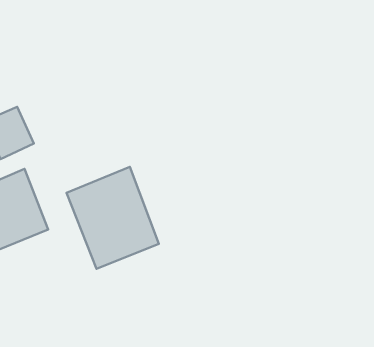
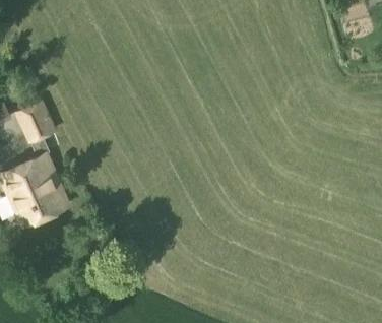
building: [67,167,159,269] -> none

